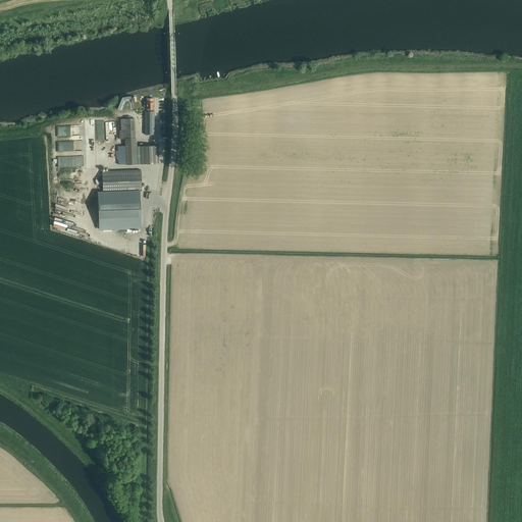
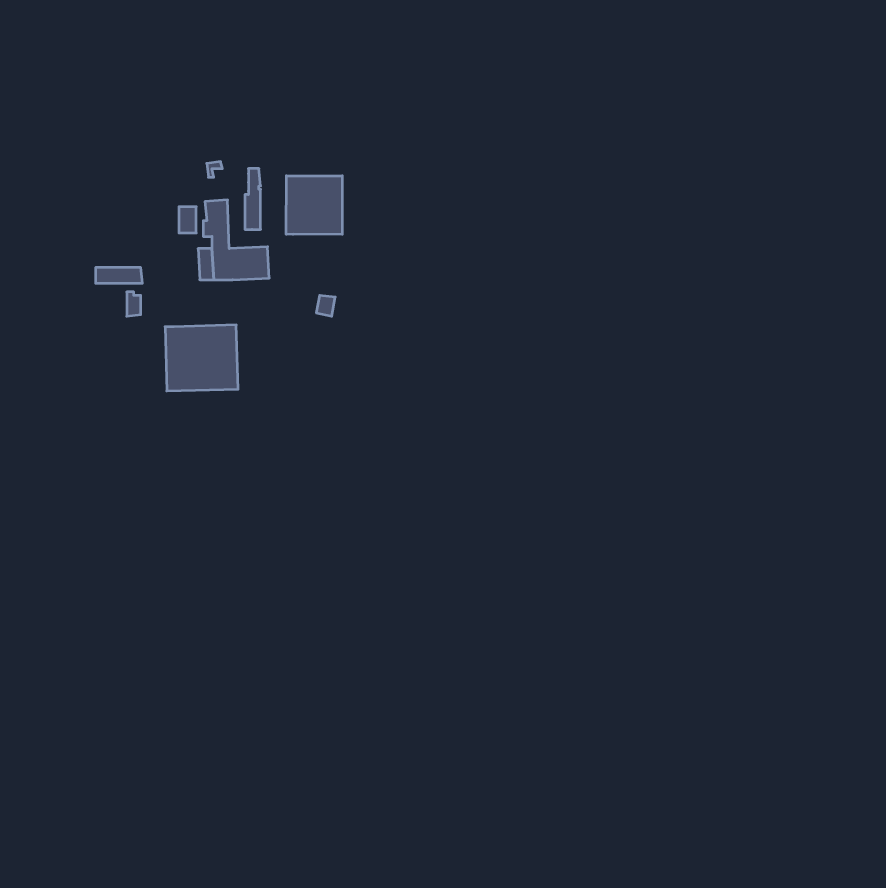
building: none -> [286,176,342,234]
building: [101,170,141,192] -> none

